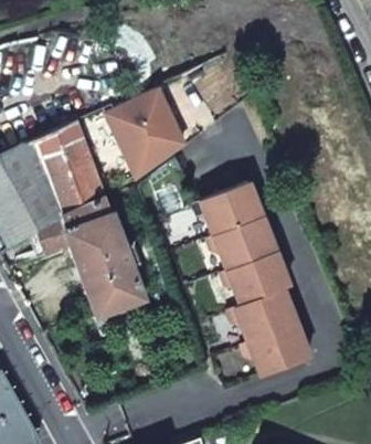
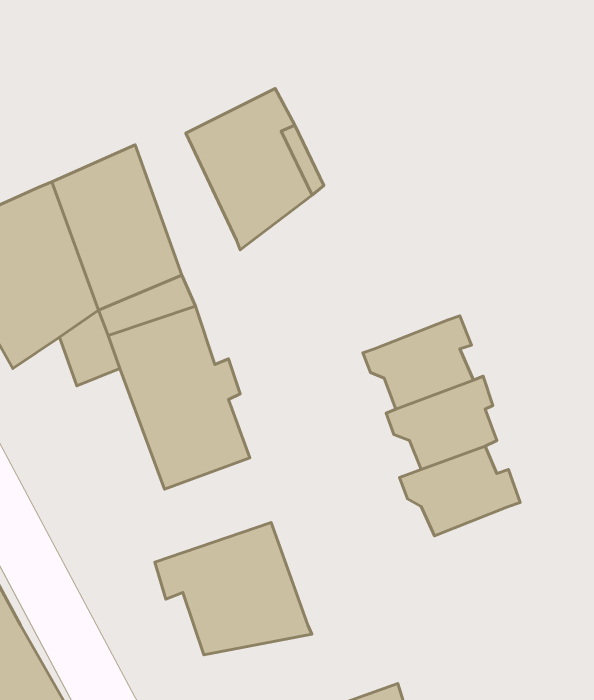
building: [195,182,257,236] -> none
building: [243,326,311,377] -> none
building: none -> [155,523,312,655]

